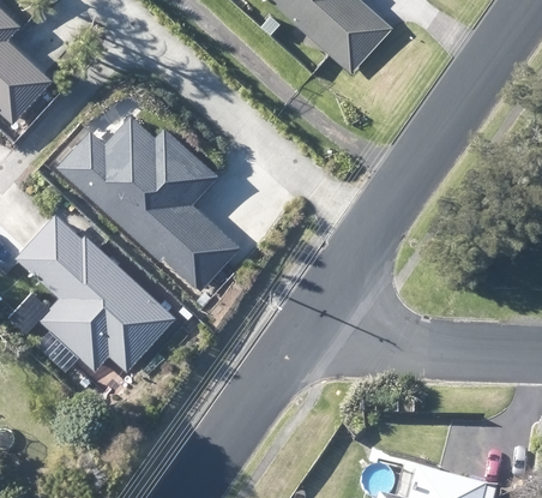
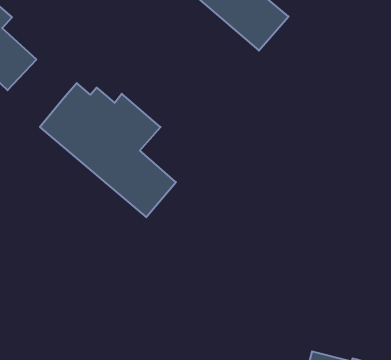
building: [18,215,176,370] -> none

